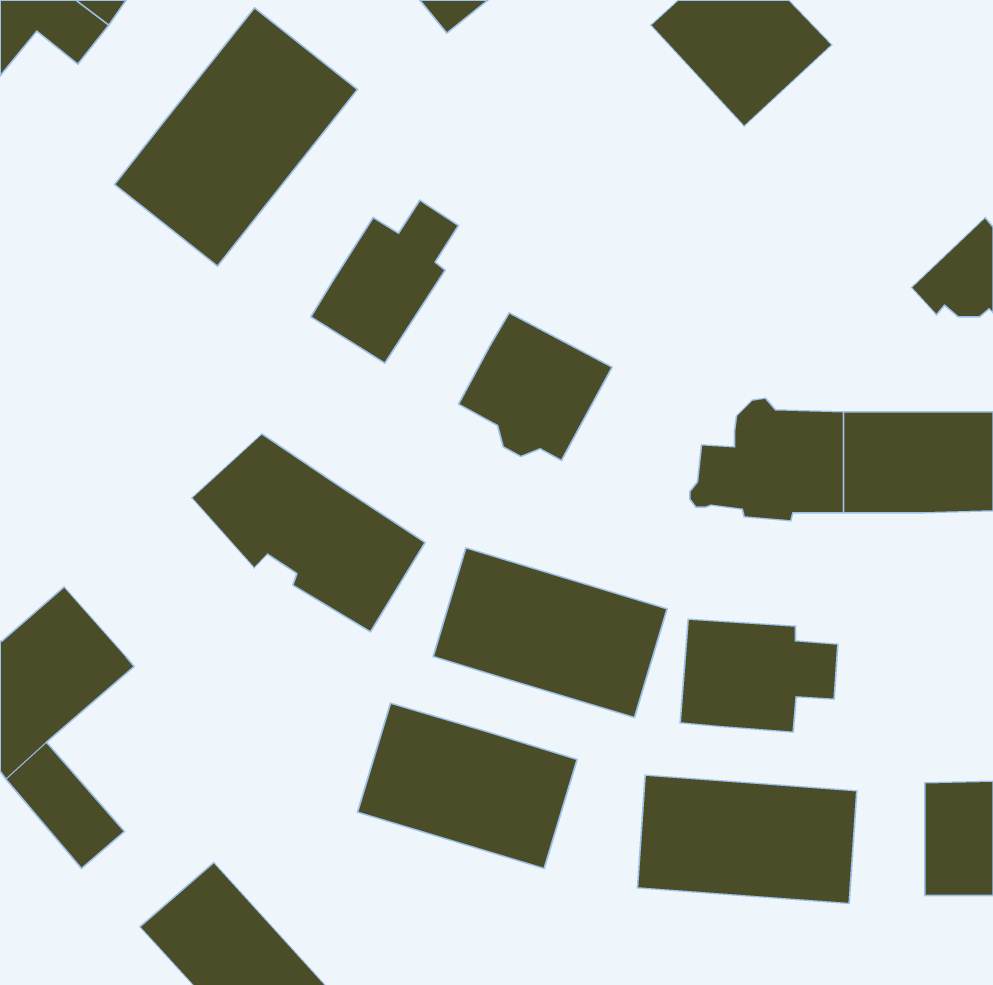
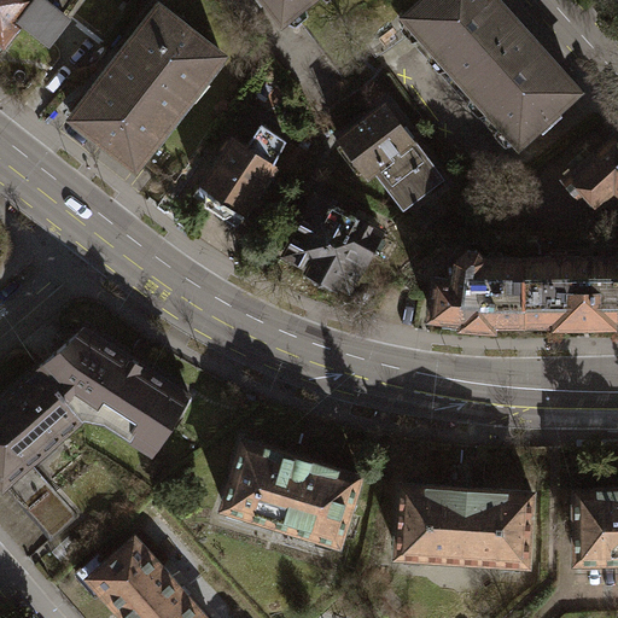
building: none -> [462,33,575,146]
building: none -> [337,105,444,211]
building: [192,434,425,632] -> [40,330,185,453]
building: [433,548,667,717] -> none
building: [680,619,838,732] -> none

